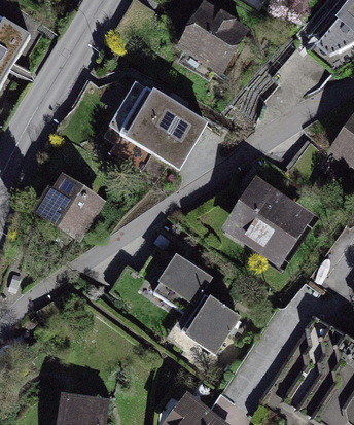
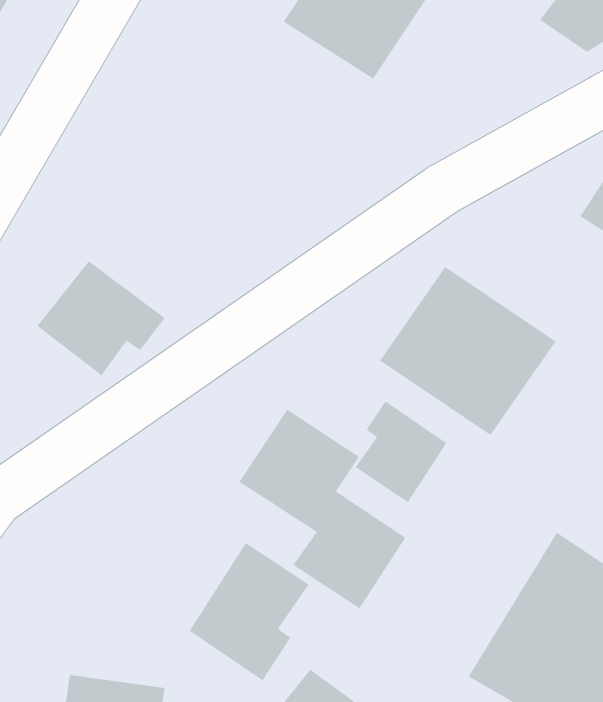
building: [116,85,207,169] -> none
building: none -> [355,400,447,503]
building: none -> [189,542,309,681]

